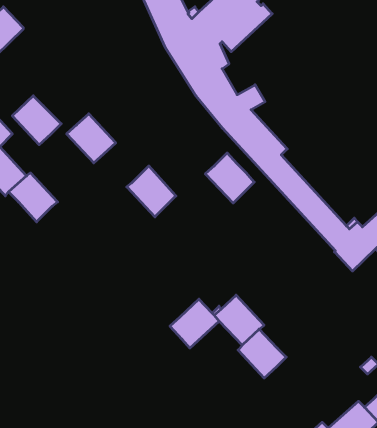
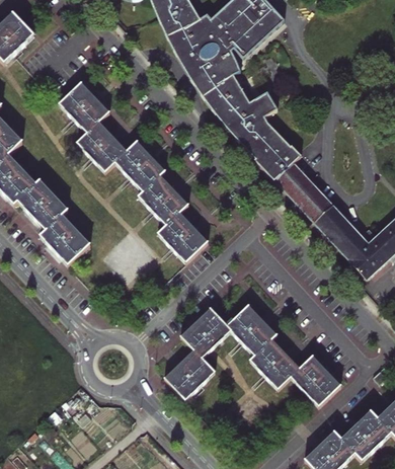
building: [12,96,61,145] -> [59,82,108,132]
building: none -> [113,140,163,190]
building: [205,153,254,203] -> [156,212,206,262]
building: none -> [41,214,90,264]
building: none -> [164,348,214,399]
building: none -> [289,355,339,406]

